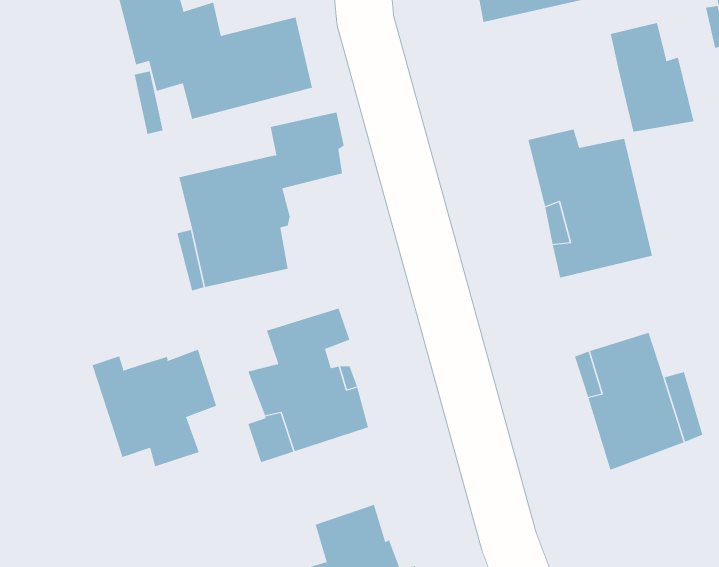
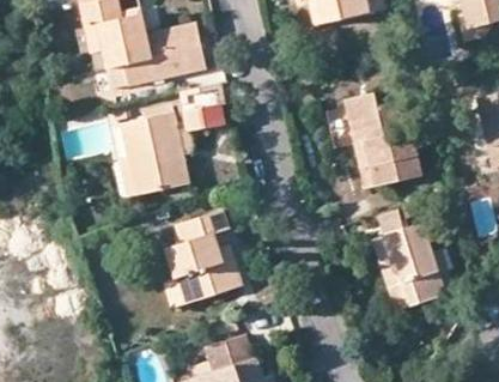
building: [610,22,694,133] -> none
building: [92,349,217,467] -> none

